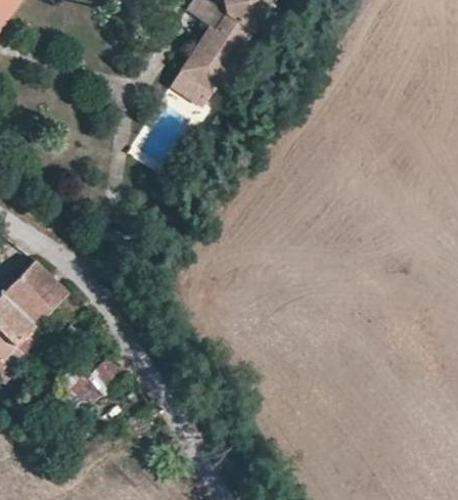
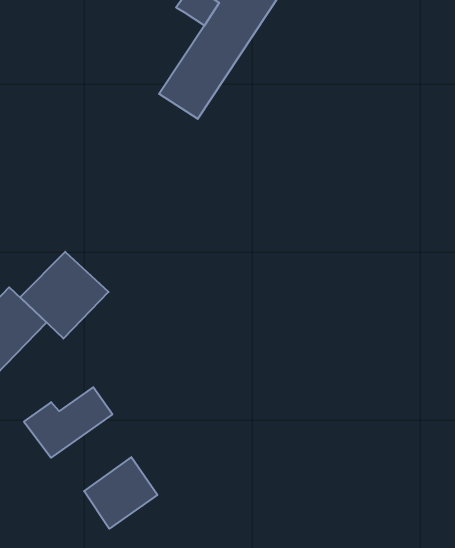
building: none -> [20,252,109,339]
building: none -> [84,457,157,529]

